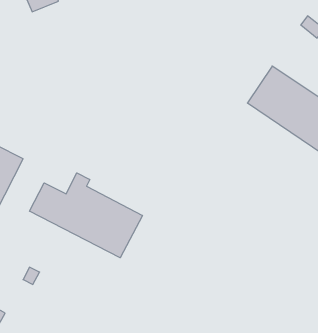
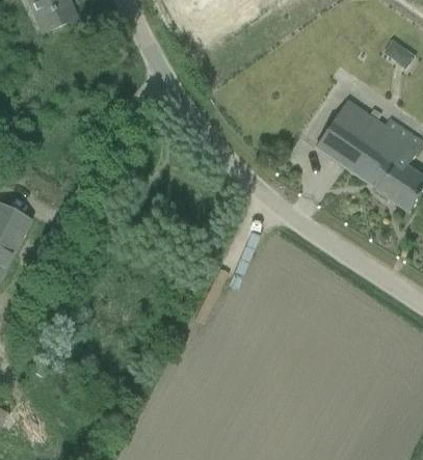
building: [30,173,142,258] -> none

